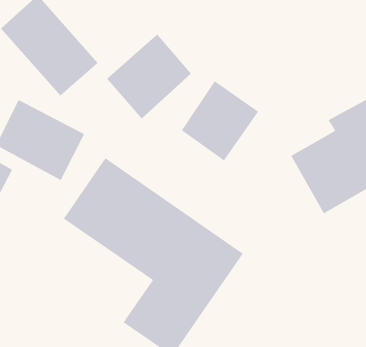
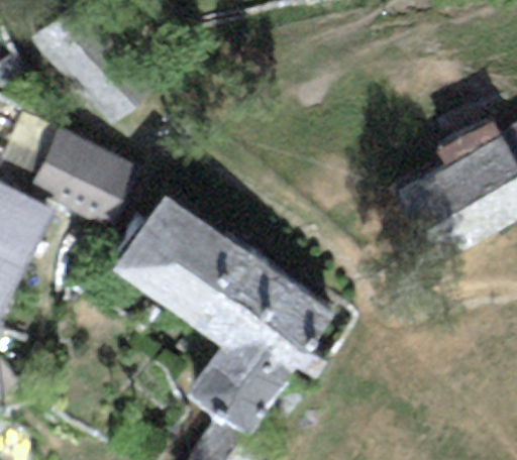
building: [106,34,192,120] -> none
building: [181,80,259,162] -> none

